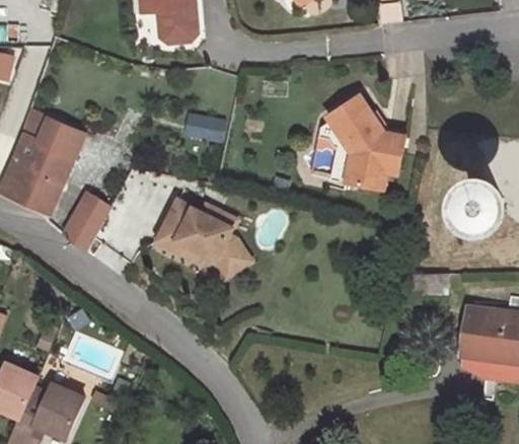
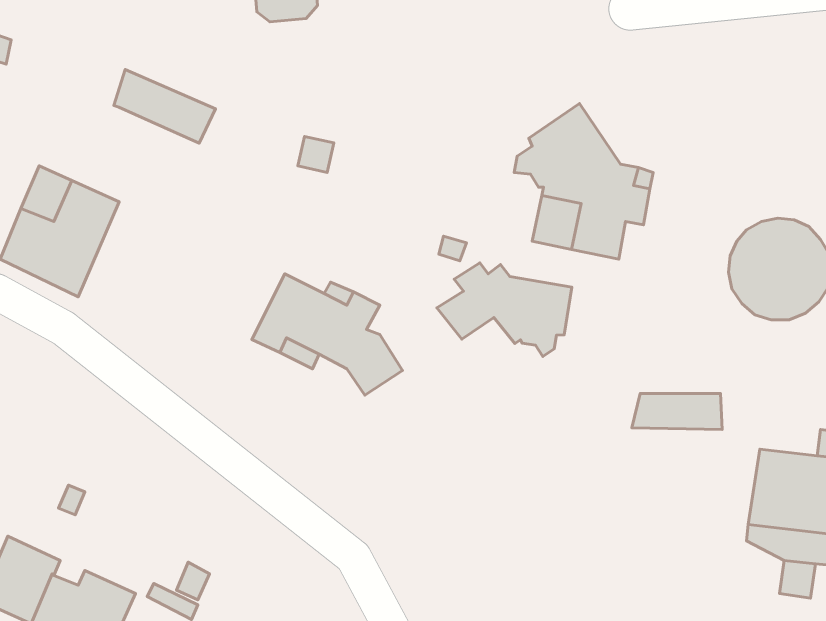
building: [22,109,85,155] -> [114,69,215,143]
building: [63,192,112,251] -> none
building: none -> [437,263,572,356]

